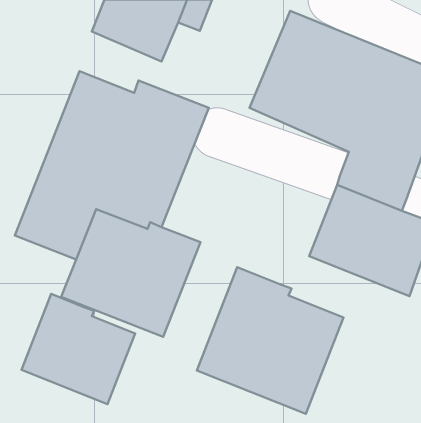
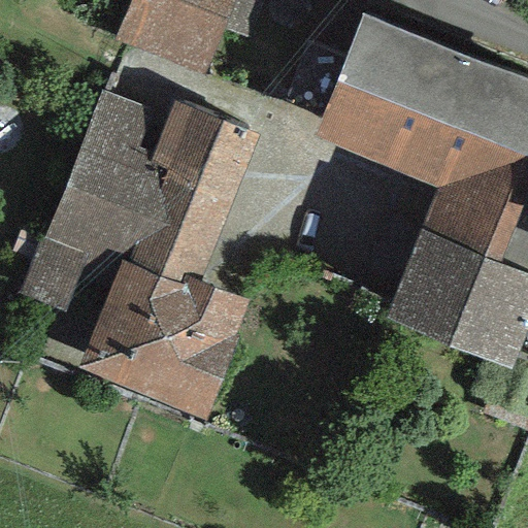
building: [197,267,343,414] -> none
building: [21,294,135,404] -> none

